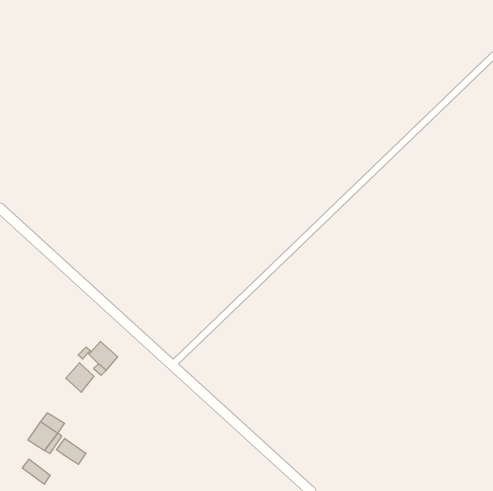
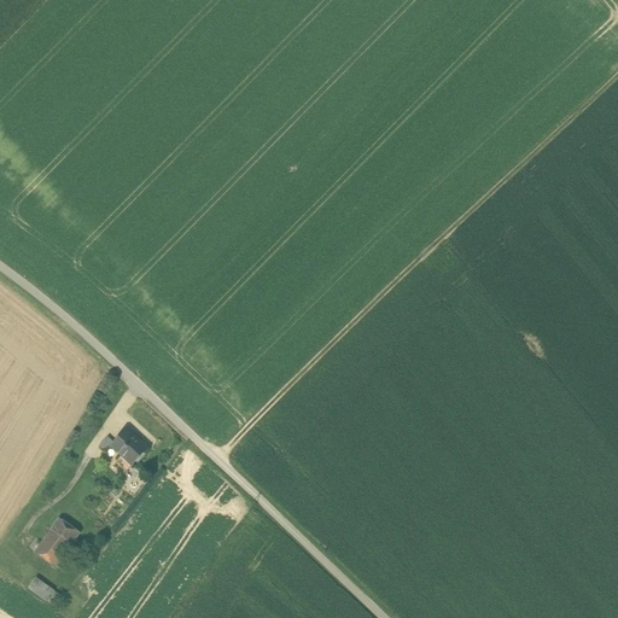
building: [66,363,94,392] -> none
building: [56,438,86,464] -> none

